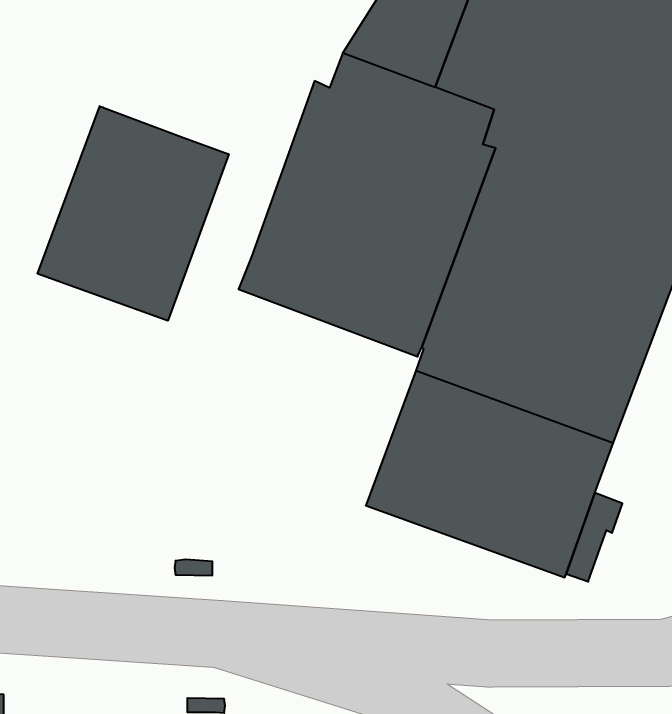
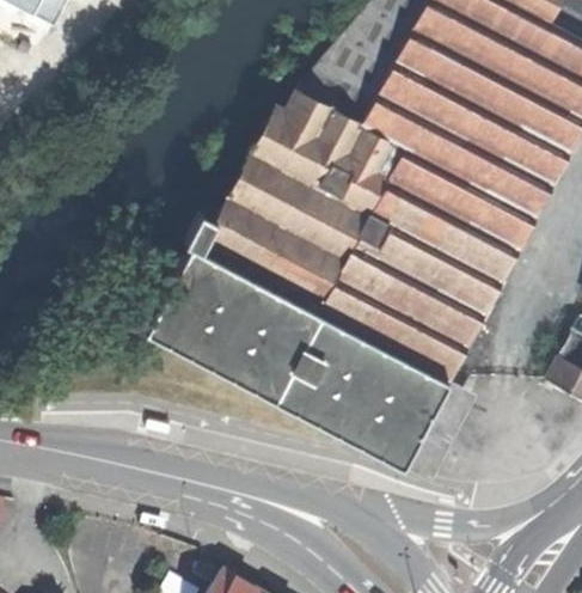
building: [38,106,229,321] -> none
building: none -> [149,212,330,399]

